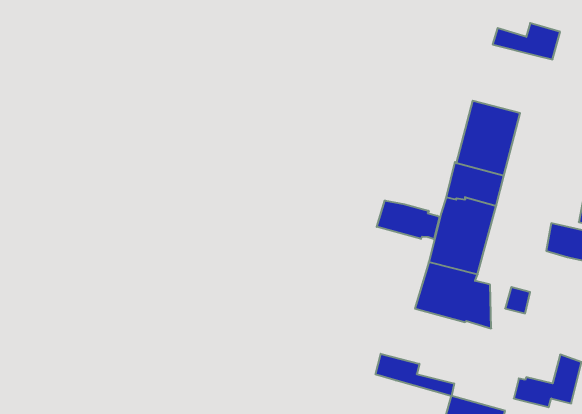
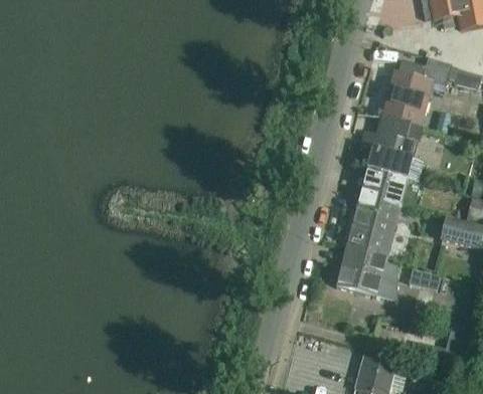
building: none -> [380,72,432,129]
building: [377,200,440,239] -> none
building: [376,354,454,396] -> none

